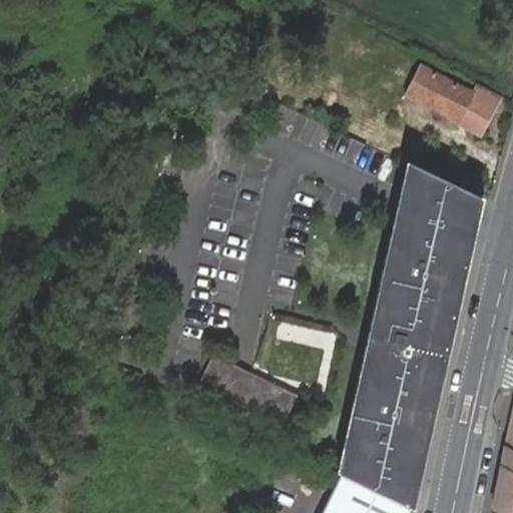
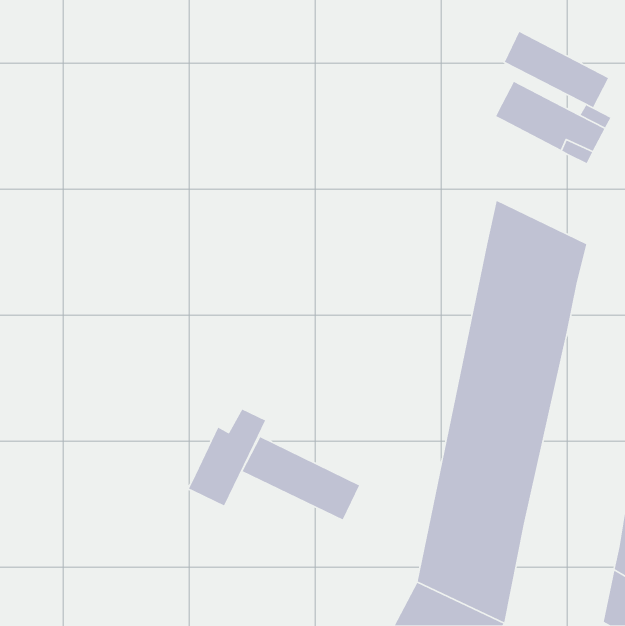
building: none -> [504,31,609,108]
building: none -> [188,409,266,506]

